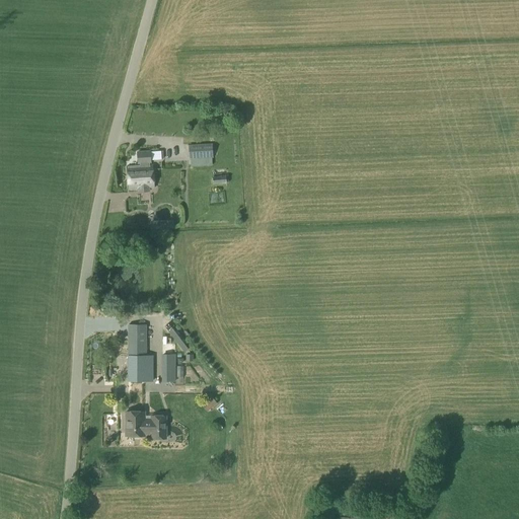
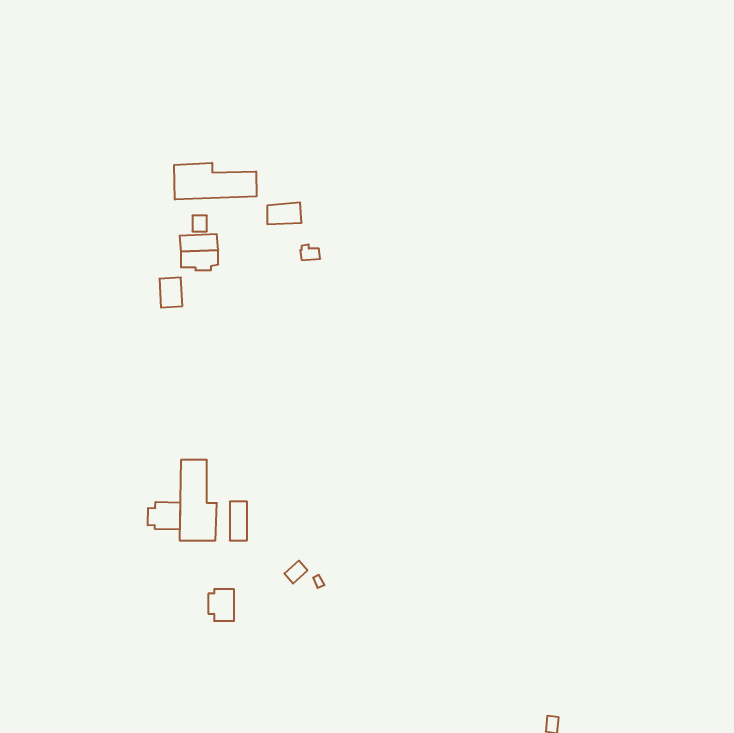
building: none -> [174,163,257,200]
building: none -> [148,502,180,530]
building: [126,411,147,435] -> none

